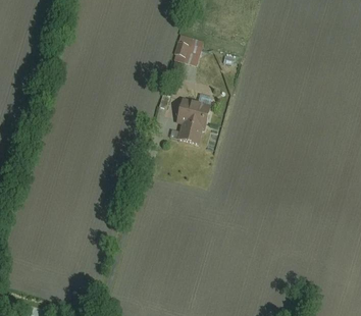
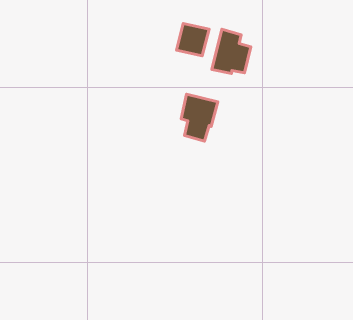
building: none -> [212,29,251,74]

